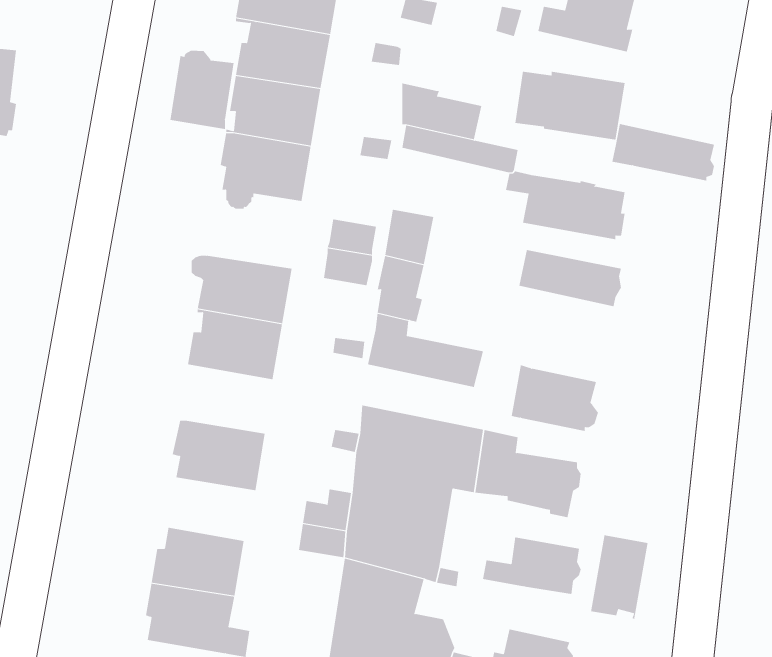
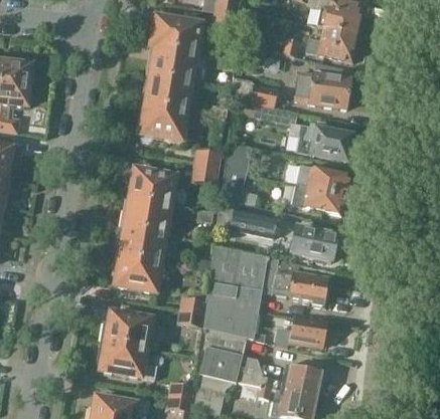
building: [170,50,234,130] -> none
building: [611,124,715,181] -> [292,184,346,214]
building: none -> [119,225,167,261]
building: [591,534,648,620] -> none

